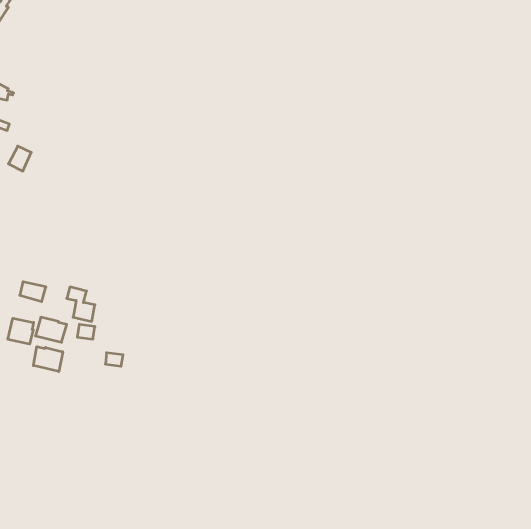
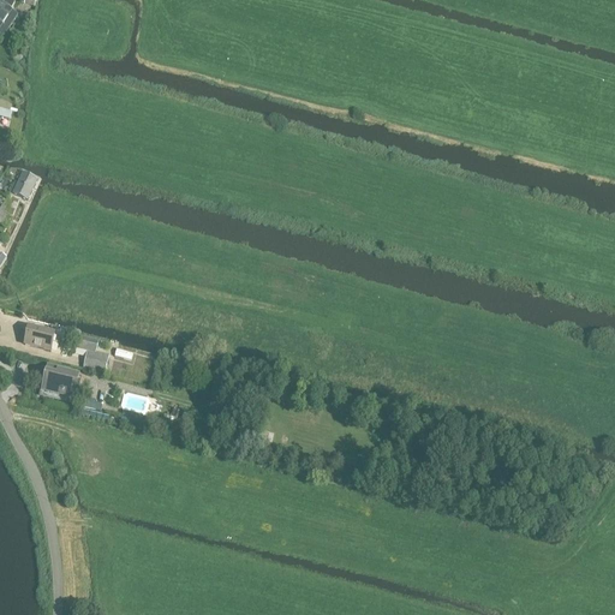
building: [8,318,34,344] -> none
building: [33,347,63,372] -> none

